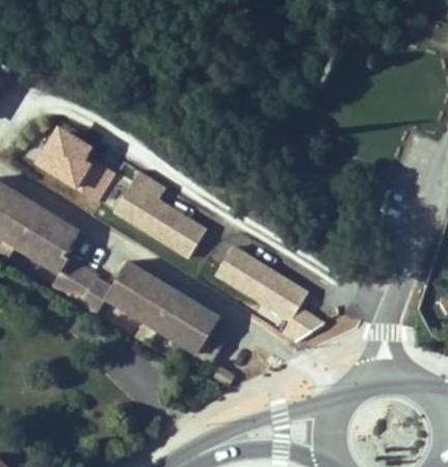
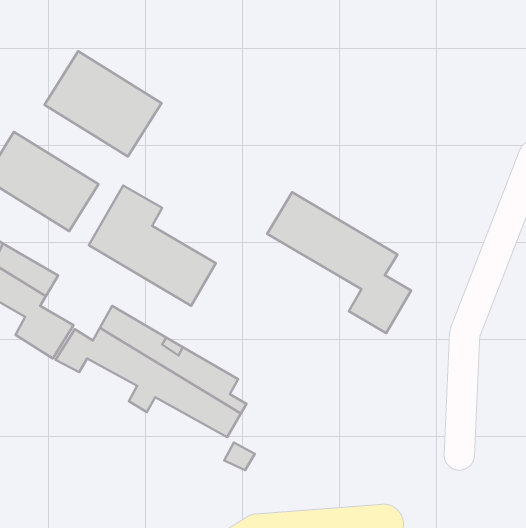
building: none -> [45,51,161,157]
building: [211,243,319,349] -> [267,192,411,333]

